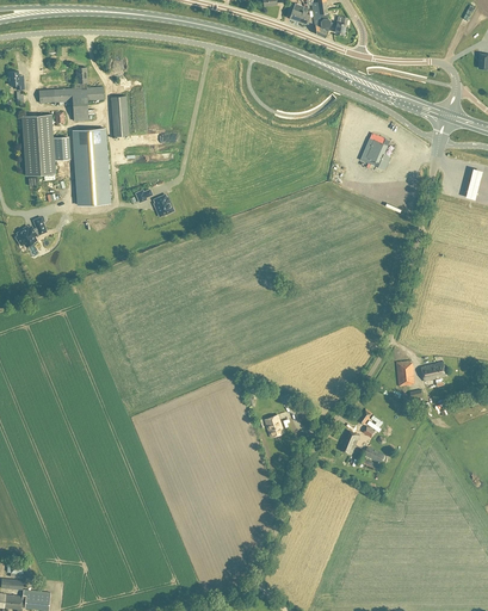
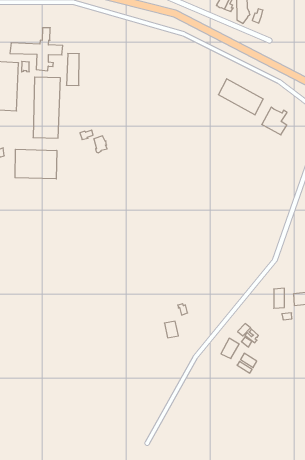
building: none -> [218,79,263,115]
building: none -> [15,149,57,179]

